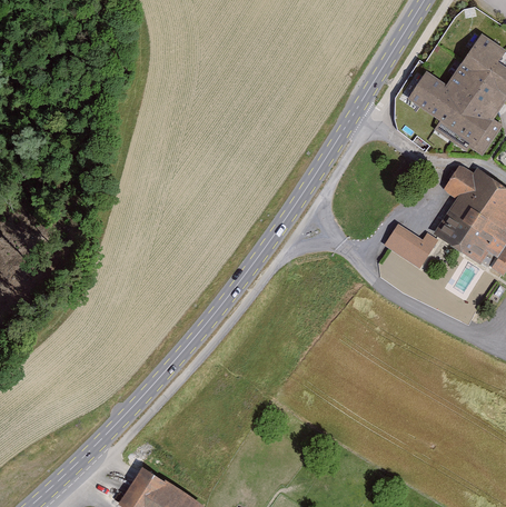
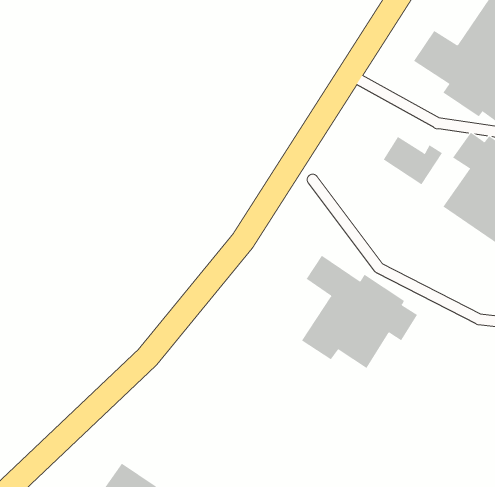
building: [385,223,439,268] -> [383,136,443,185]
building: none -> [301,255,418,369]

